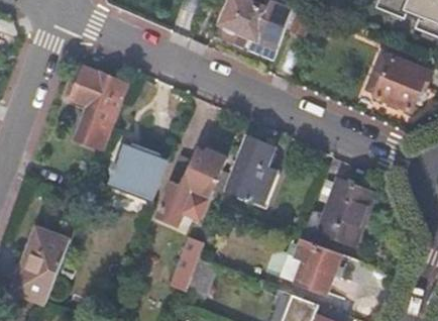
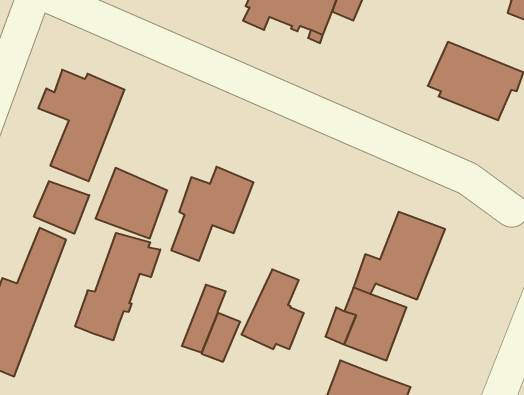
building: [227,137,275,198] -> [241,269,304,349]
building: none -> [34,181,89,234]
building: none -> [75,233,160,340]

